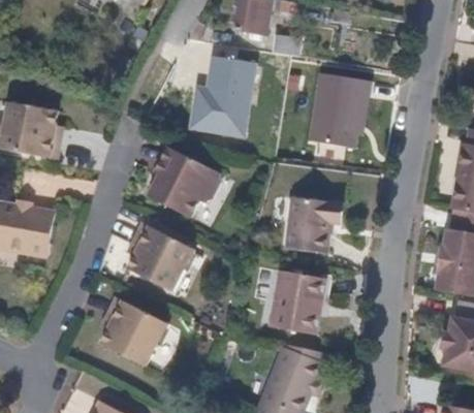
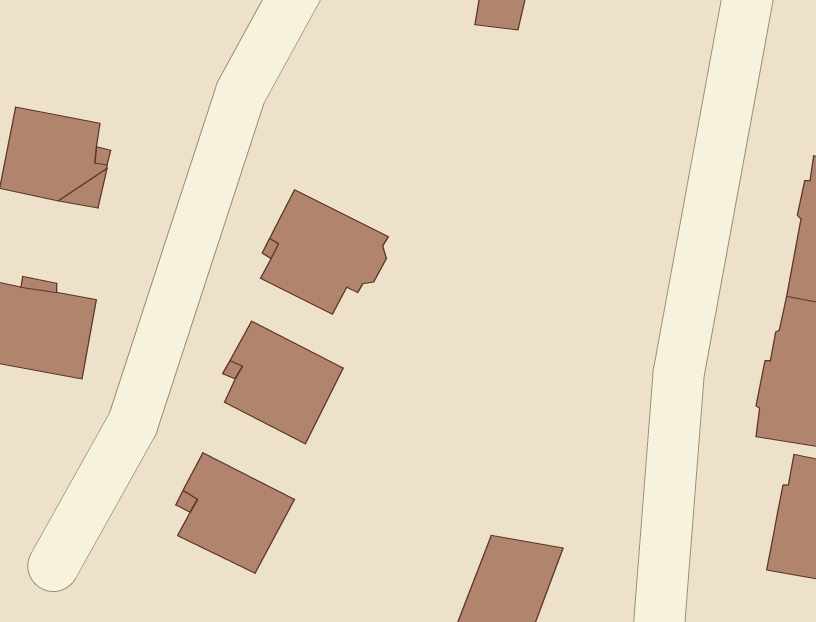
building: [190,56,254,133] -> none
building: [308,72,374,147] -> none
building: [285,200,336,256] -> none
building: [270,274,325,338] -> none

